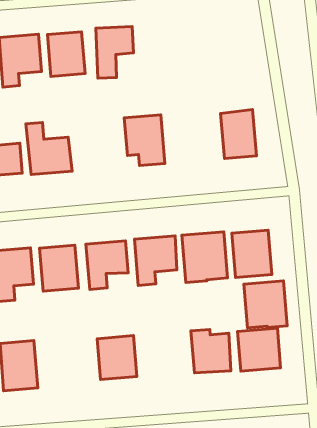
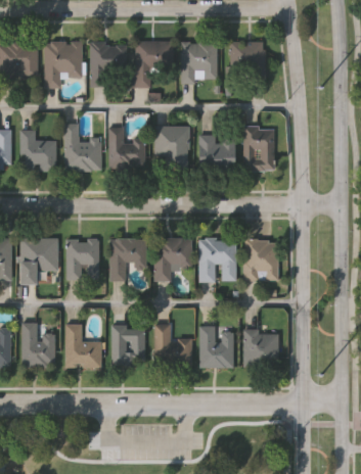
building: none -> [229,41,266,82]
building: none -> [180,41,217,82]
building: none -> [199,134,236,165]
building: none -> [109,129,146,167]
building: [244,281,287,328] -> none
building: none -> [154,324,192,364]
building: none -> [65,324,101,367]

